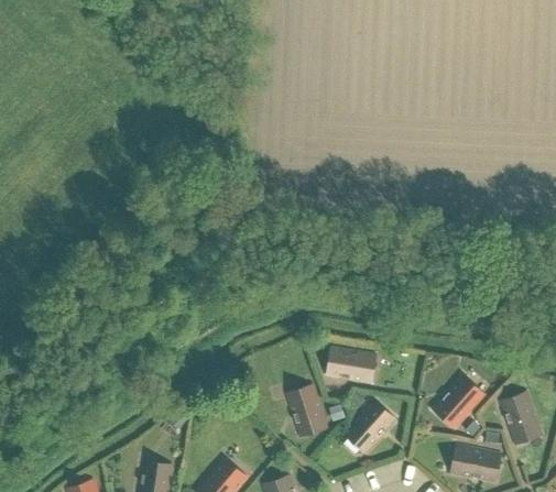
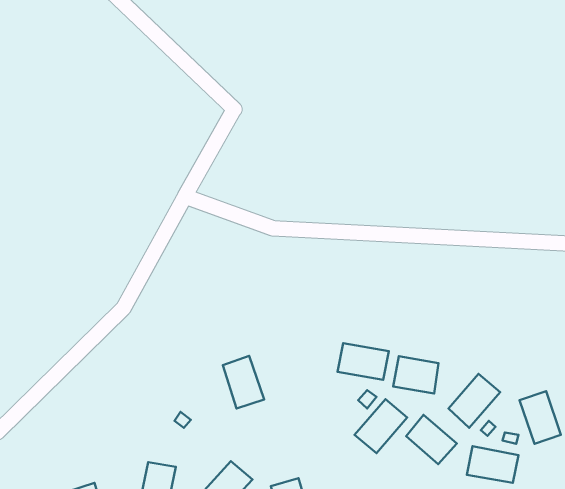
building: none -> [393,356,438,394]
building: [287,384,327,435] -> [223,356,264,409]
building: none -> [406,415,457,464]

